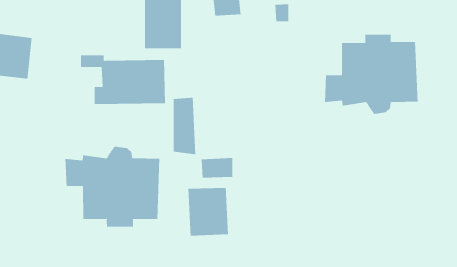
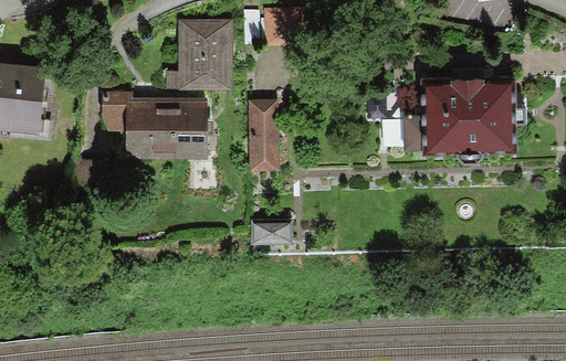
building: [173,97,196,155] -> [250,100,279,171]
building: [65,146,160,228] -> none
building: [188,187,228,237] -> none

